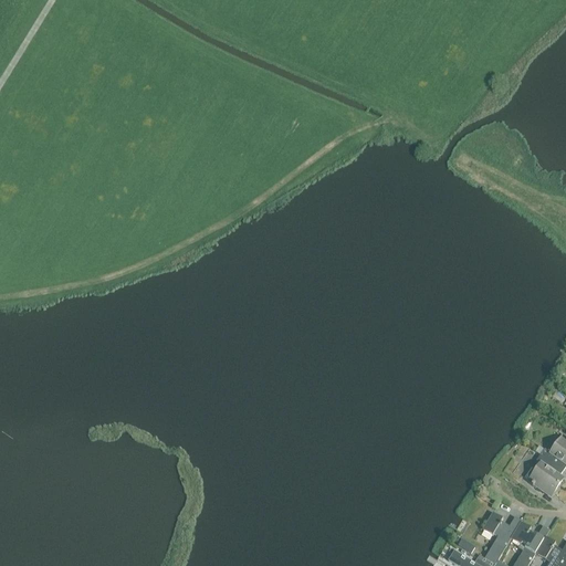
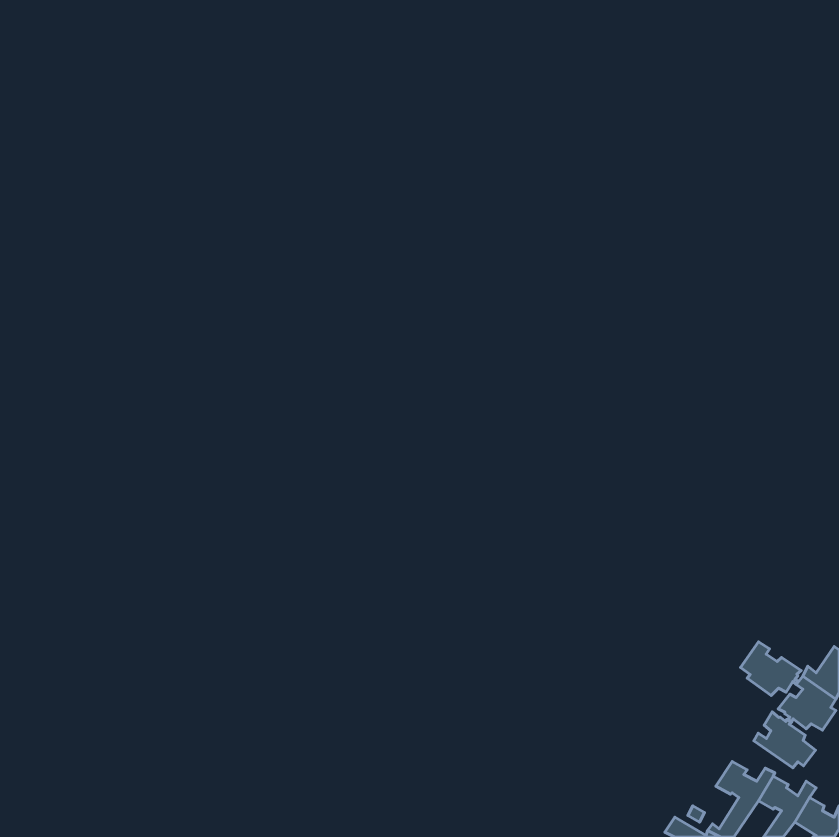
building: none -> [741,642,801,696]
building: none -> [754,712,815,768]

